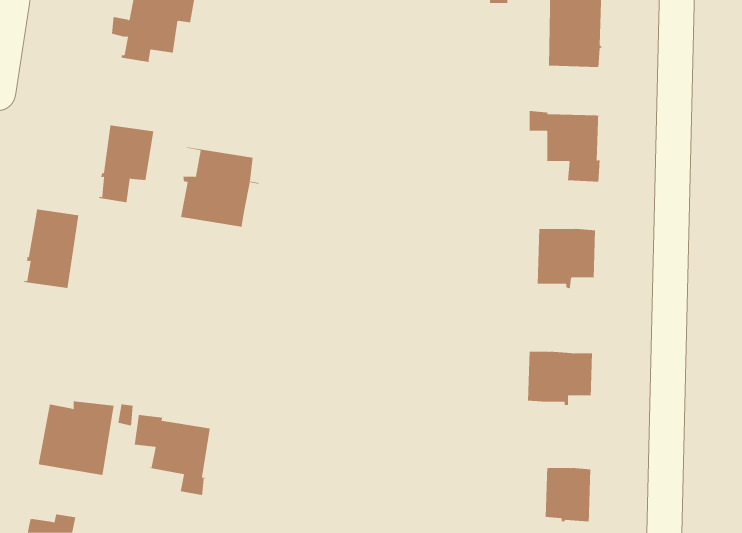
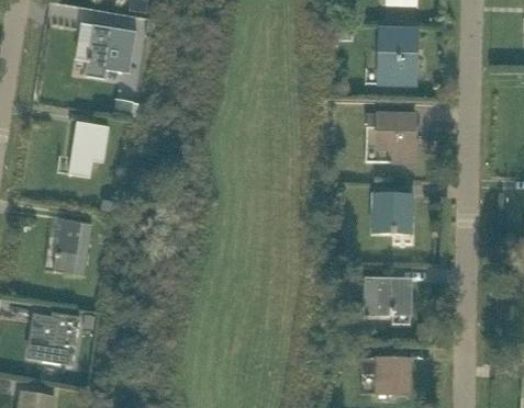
building: [180,146,259,227] -> none
building: [23,209,79,288] -> [53,219,91,274]
building: [134,414,214,496] -> none

